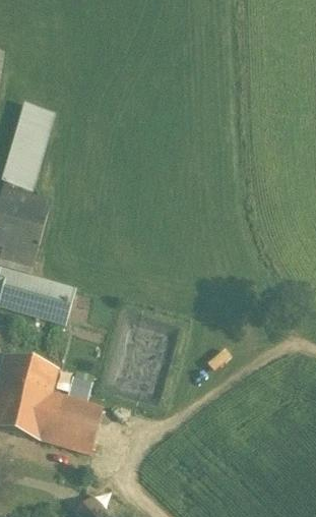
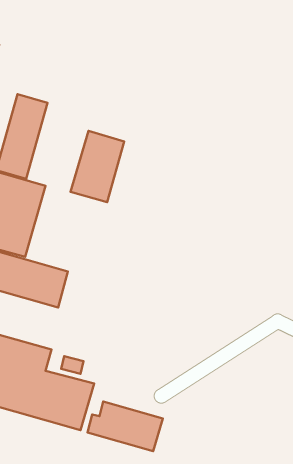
building: none -> [71,131,124,202]
building: none -> [87,402,163,451]

